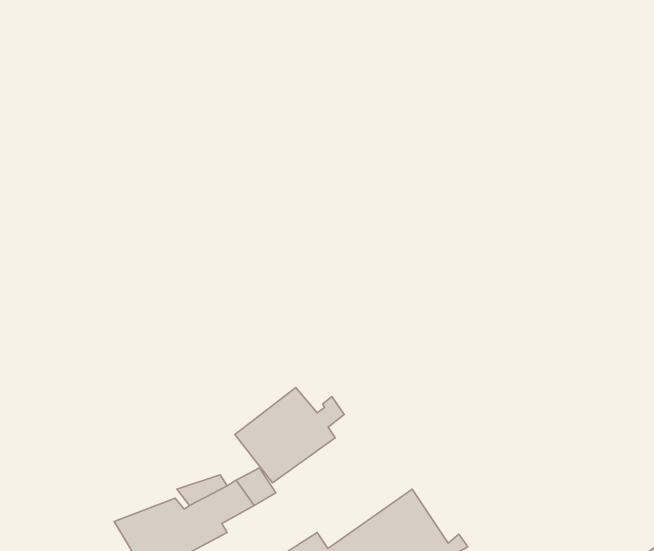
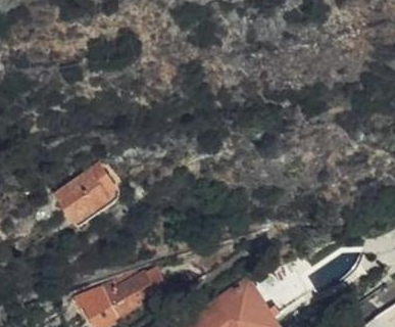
building: [235,388,344,483] -> [55,171,117,225]

